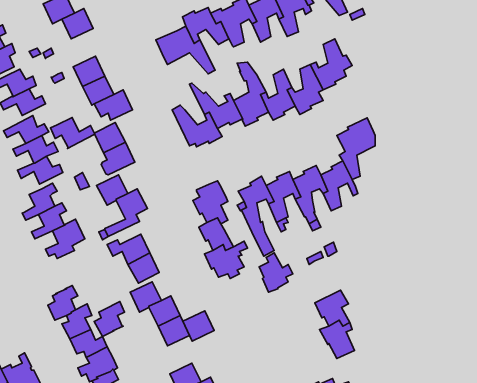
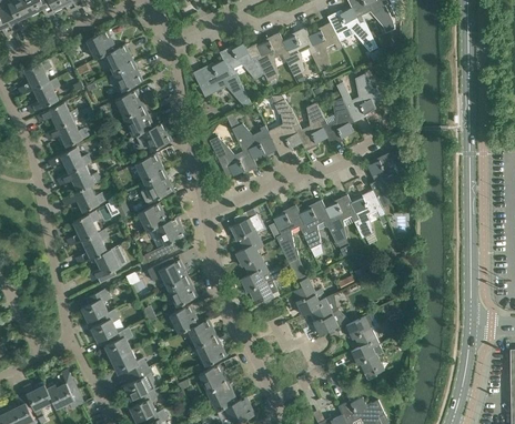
building: none -> [112,63,142,92]
building: [51,117,95,149] -> none
building: none -> [310,295,344,335]
building: [94,302,124,337] -> [80,289,109,322]
building: [183,311,214,341] -> [198,364,228,393]

